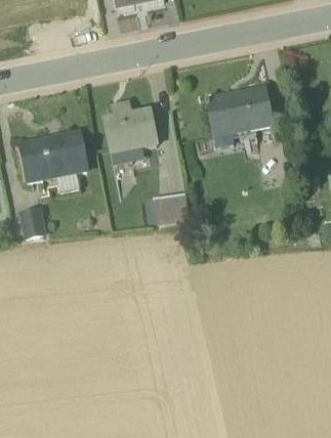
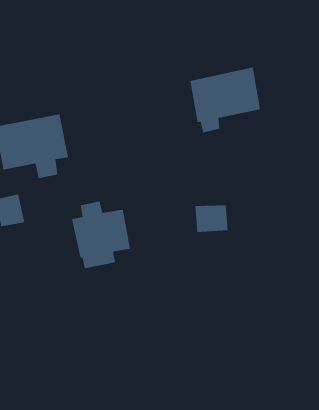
building: [101,98,159,164] -> [71,201,131,269]
building: [156,193,189,220] -> [194,205,229,233]

